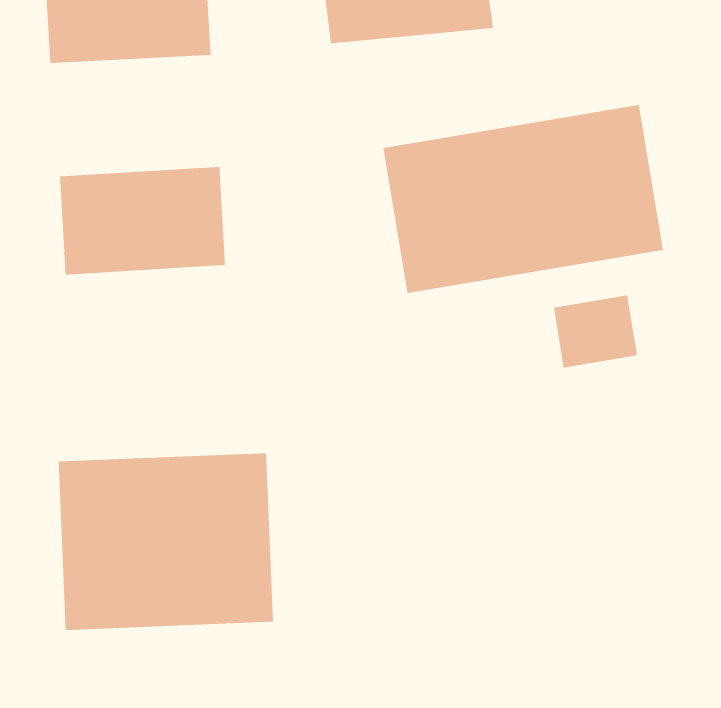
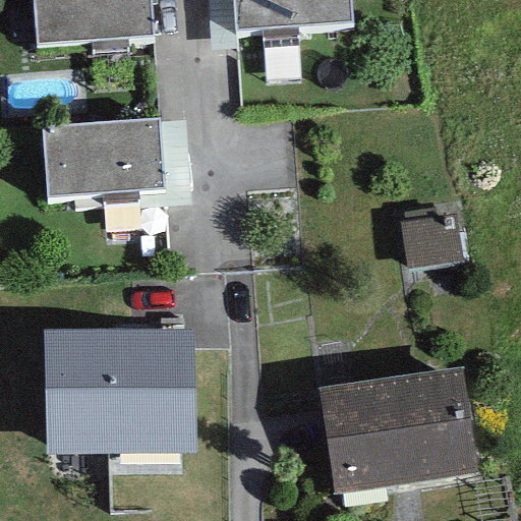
building: [383,104,664,294] -> none
building: none -> [320,370,476,493]

